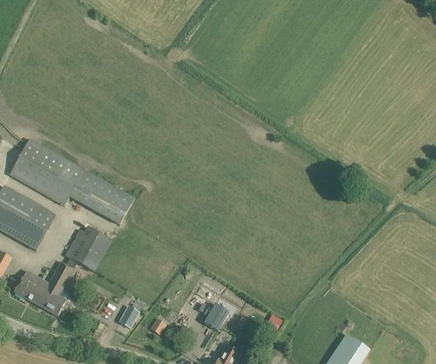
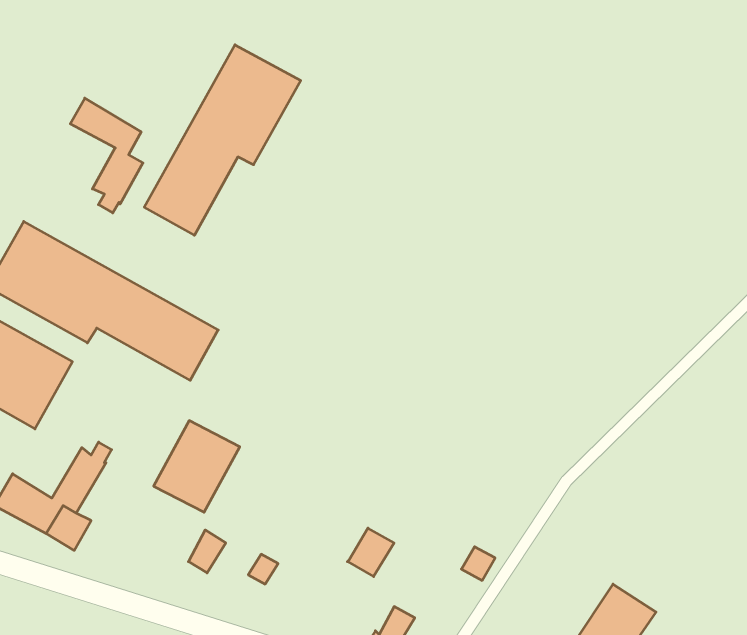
building: none -> [144,45,301,235]
building: none -> [70,98,143,213]
building: [66,221,113,270] -> [154,421,240,512]

